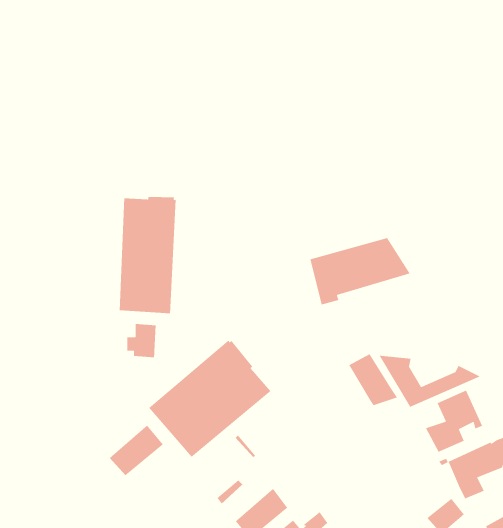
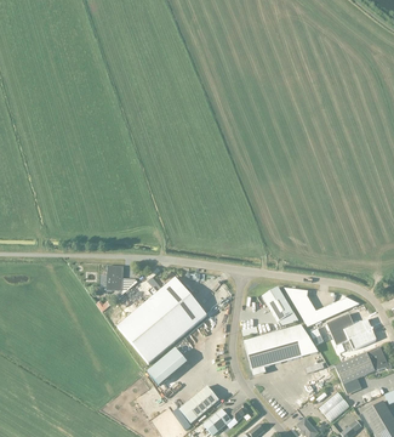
building: [119,196,176,314] -> none
building: [309,237,411,305] -> [245,324,319,374]
building: [109,425,164,476] -> [148,347,188,385]

